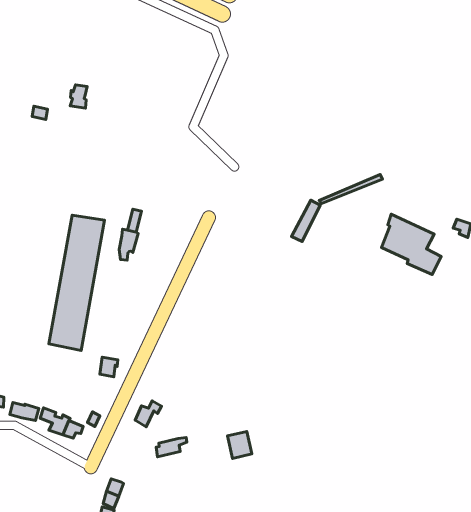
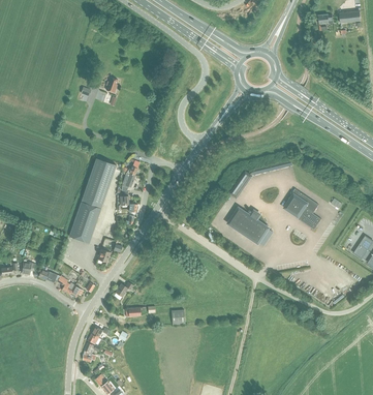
building: none -> [227,208,268,243]

